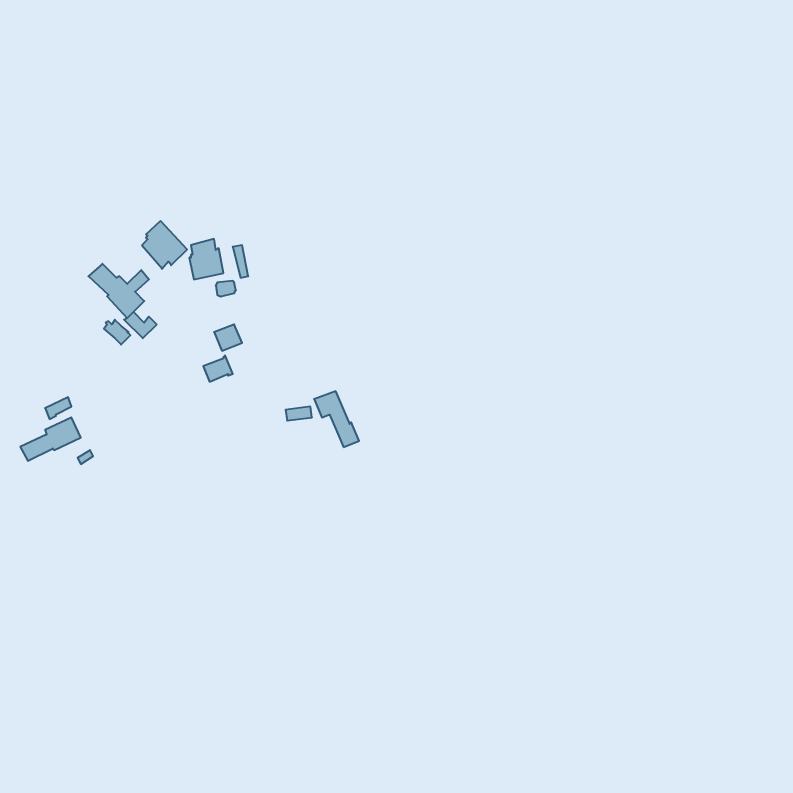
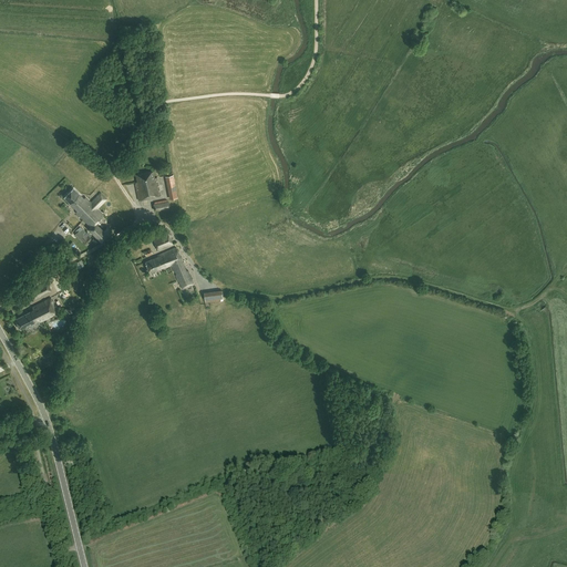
building: [142,221,187,269] -> none
building: [314,391,359,447] -> [161,248,193,288]

